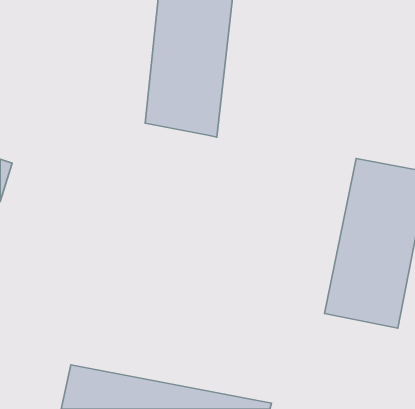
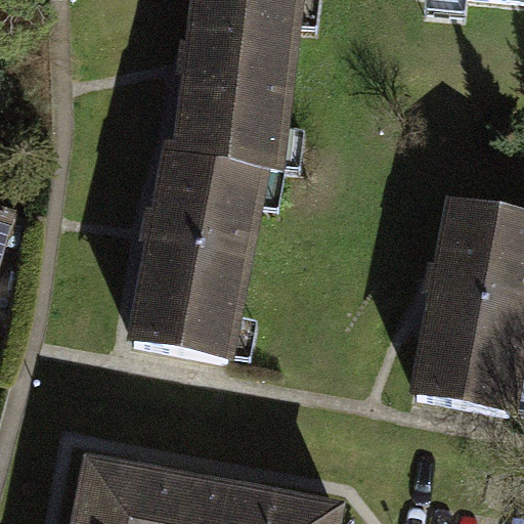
building: none -> [134,151,265,358]

